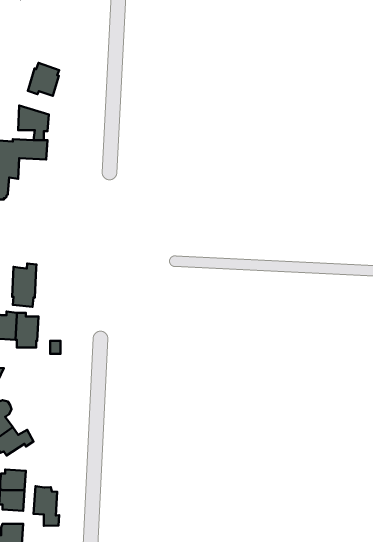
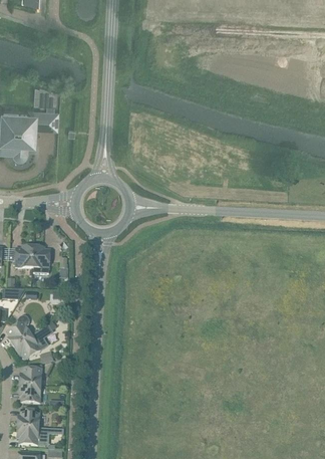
building: [28,63,59,96] -> none
building: [12,264,36,307] -> none
building: [34,486,59,526] -> none

